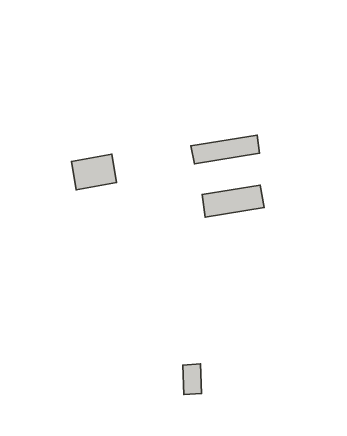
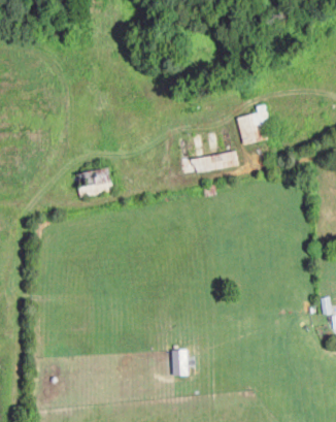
building: none -> [238,104,273,144]
building: [202,185,264,217] -> none

